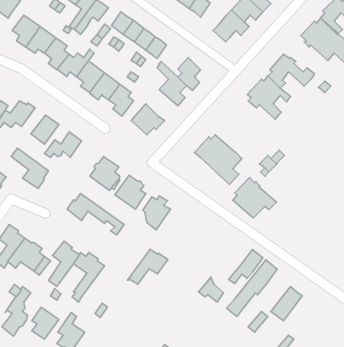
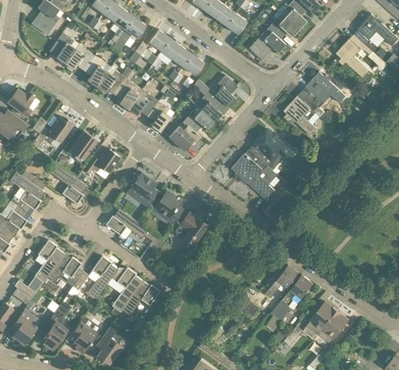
building: none -> [183,106,214,133]
building: [233,178,276,218] -> [251,129,294,169]
building: [127,249,168,284] -> [119,281,159,316]
building: none -> [314,311,348,348]

